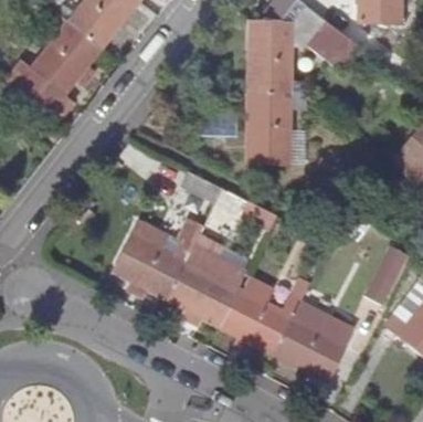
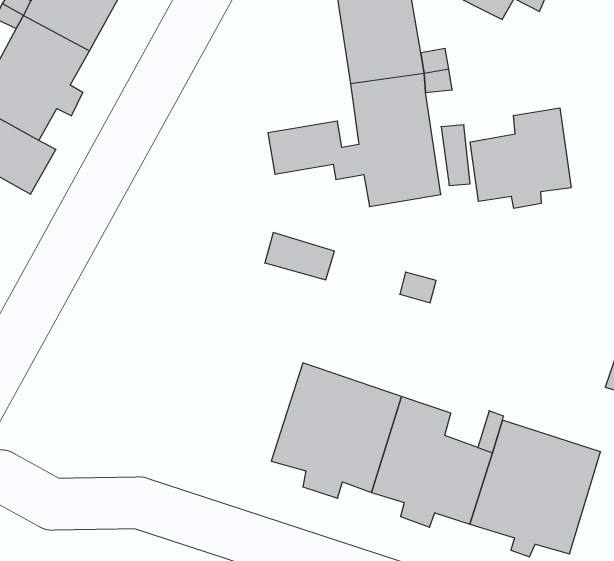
building: none -> [470,108,571,208]
building: [112,220,203,299] -> none

